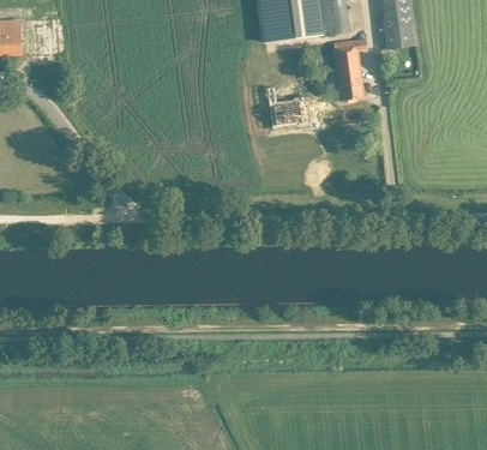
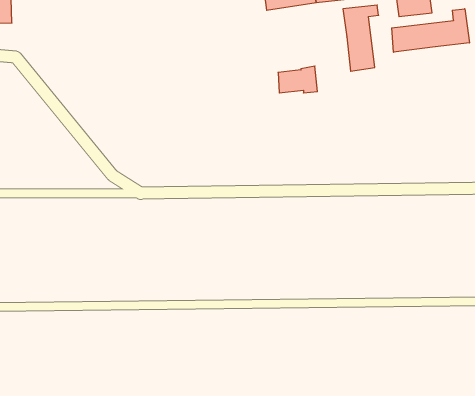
building: none -> [392,9,469,52]

